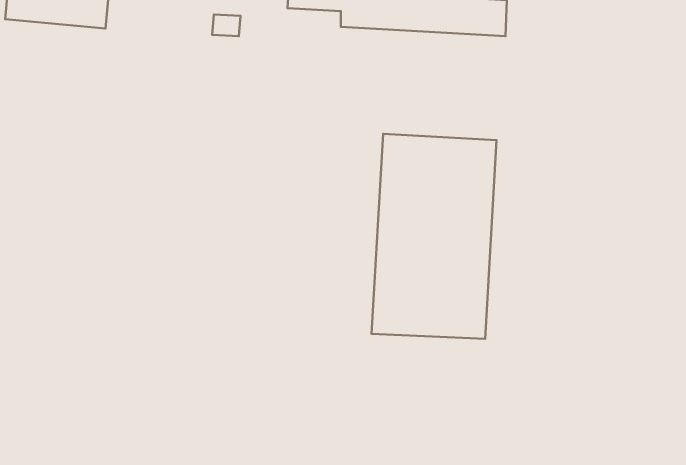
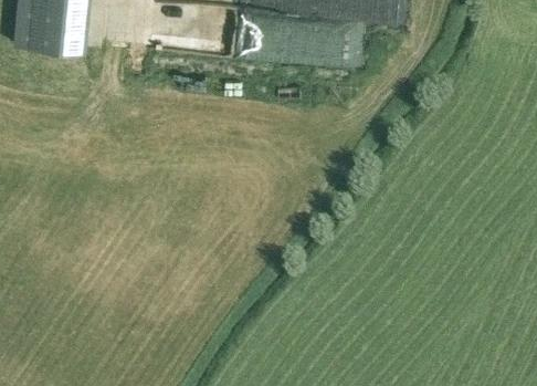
building: [372,134,497,339] -> none

